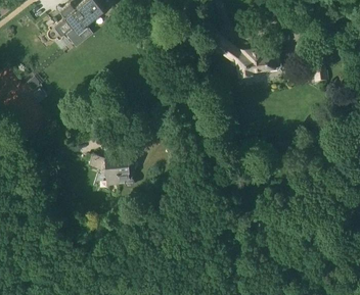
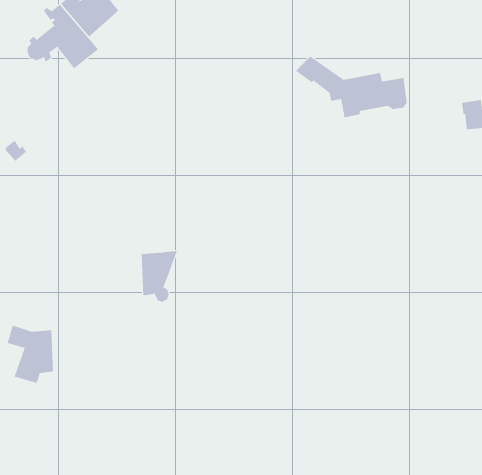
building: [89,154,118,190] -> [7,325,54,383]

